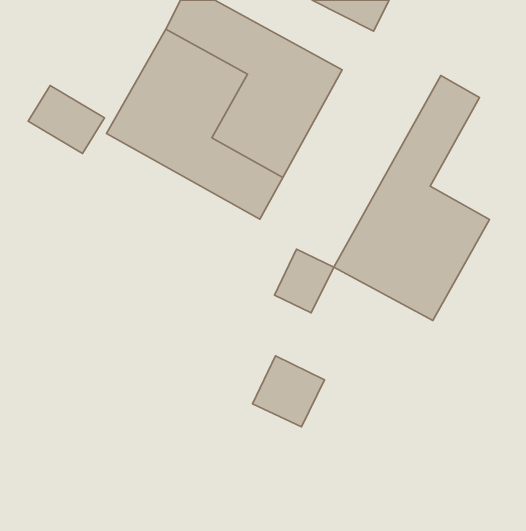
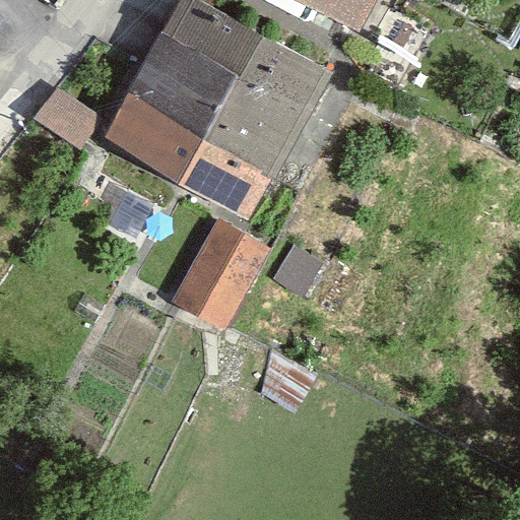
building: [334,75,490,321] -> none
building: none -> [167,216,272,333]

